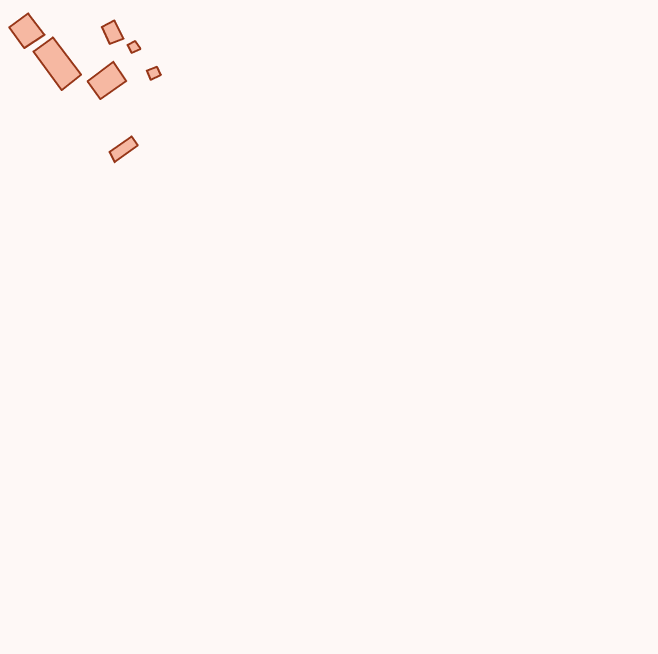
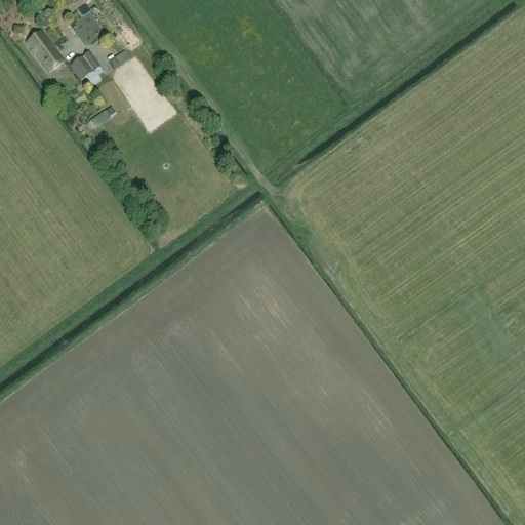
building: [9,13,45,48] -> none

